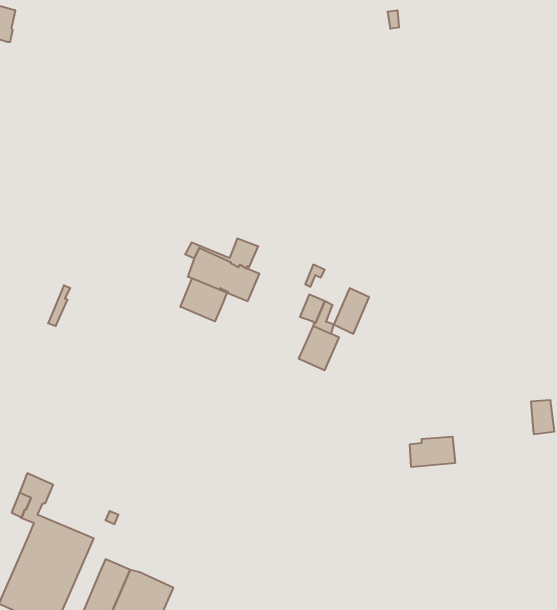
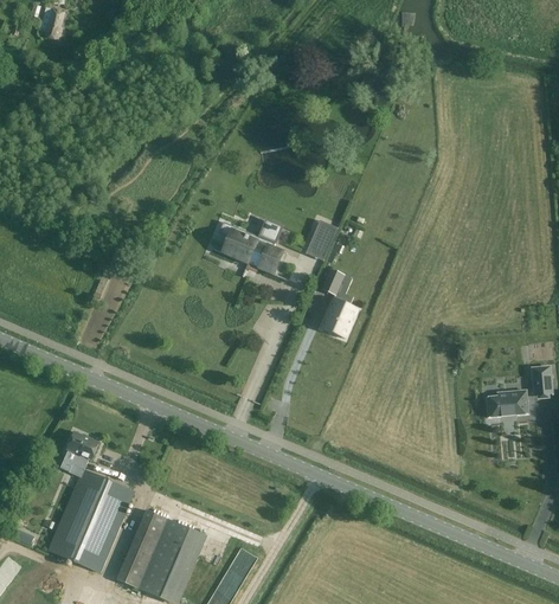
building: [180,278,227,321] -> none
building: [334,288,369,334] -> [306,219,338,261]
building: [410,437,455,467] -> [487,390,528,417]

